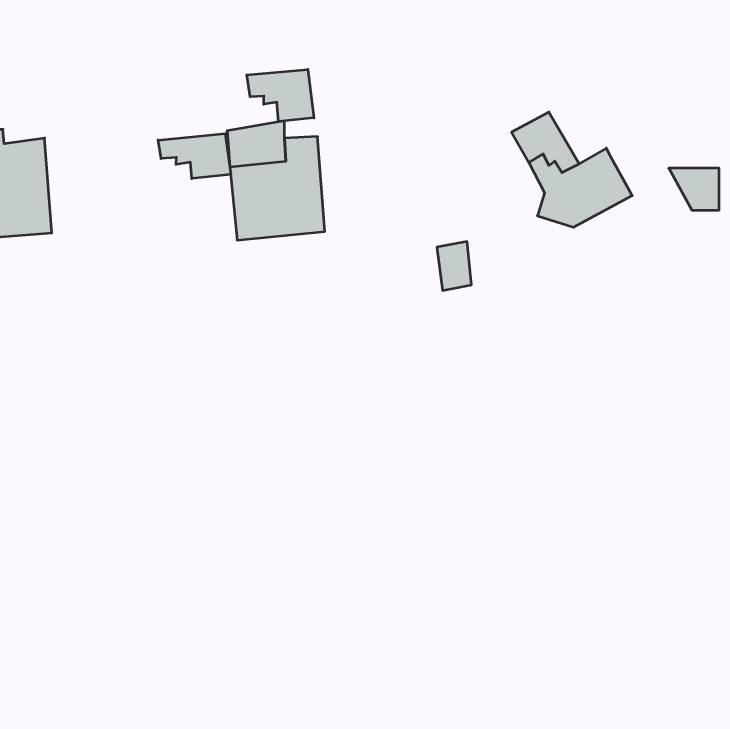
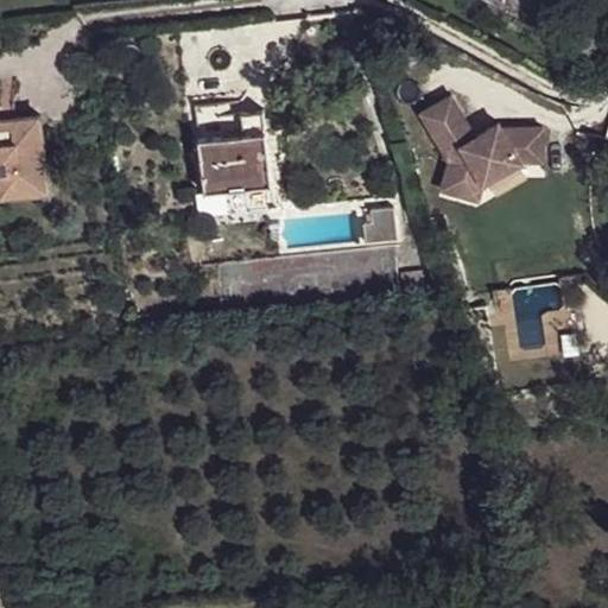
building: [247,69,314,121] -> none
building: [158,134,231,179] -> none
building: [669,168,719,210] -> [504,132,545,166]

